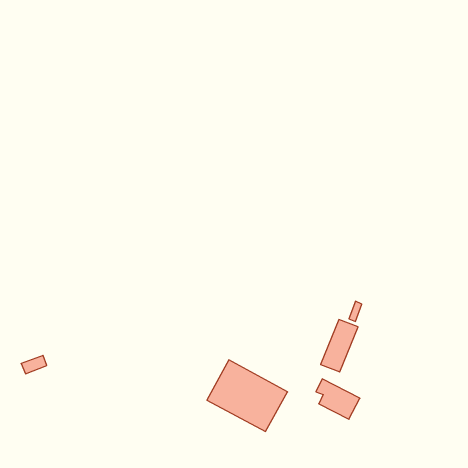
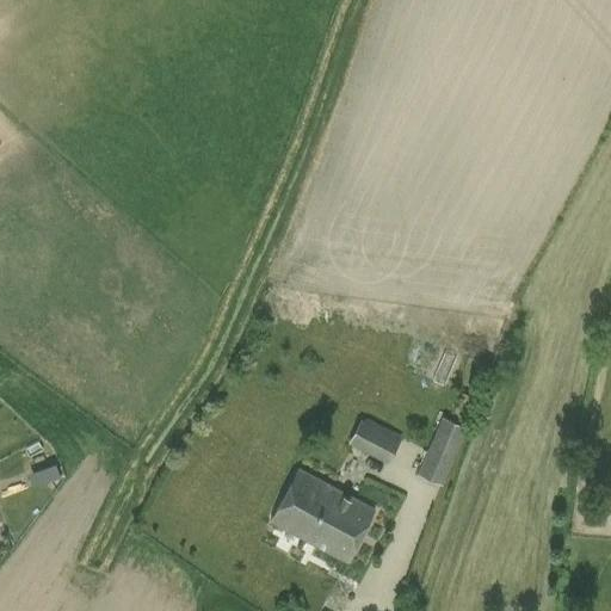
building: [316,379,360,419] -> [345,411,402,463]

